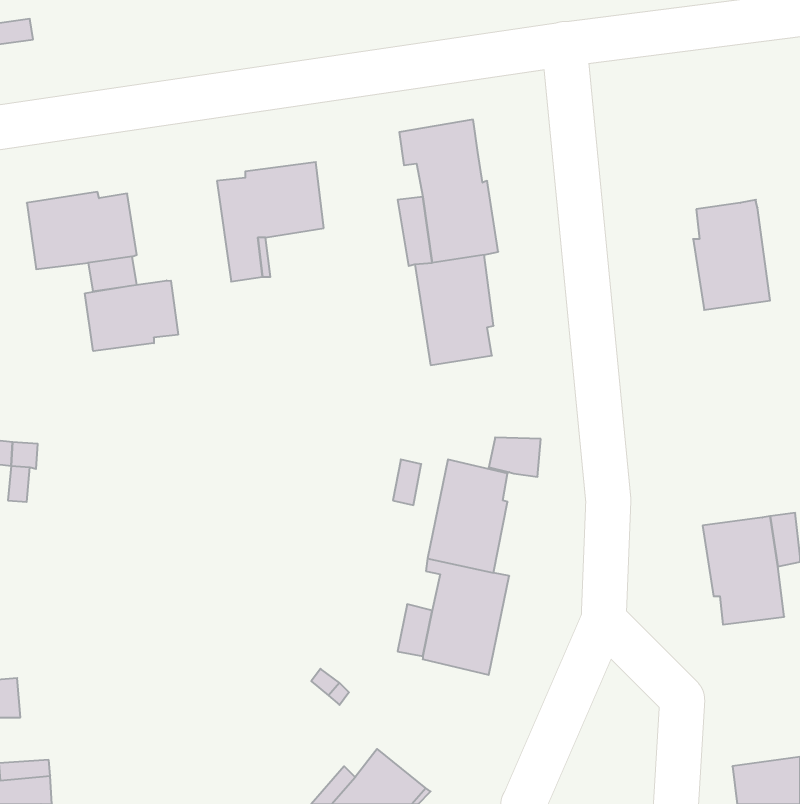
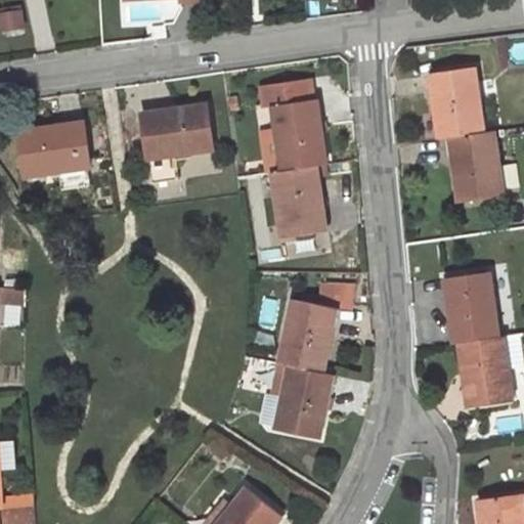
building: none -> [432,67,482,138]
building: [85,280,178,351] -> none
building: none -> [446,271,496,343]

